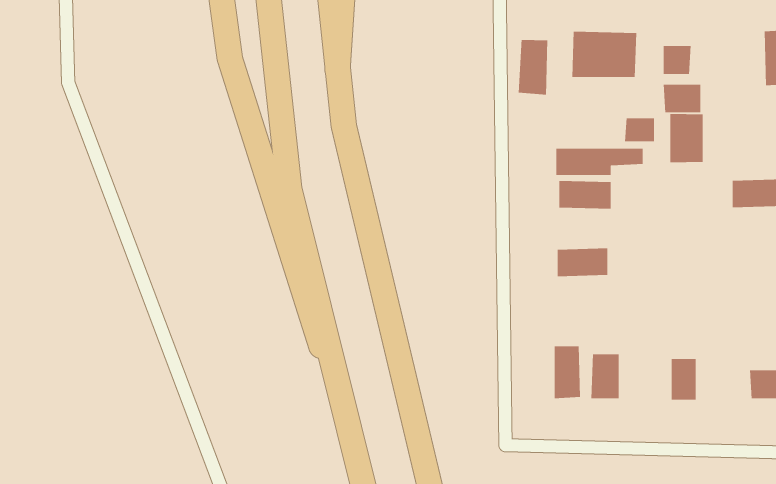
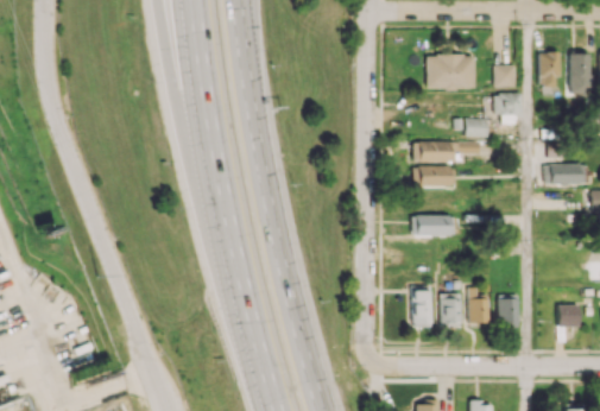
building: none -> [538,52,557,88]
building: [518,39,548,96] -> none
building: [670,113,703,163] -> none
building: none -> [467,287,488,325]

